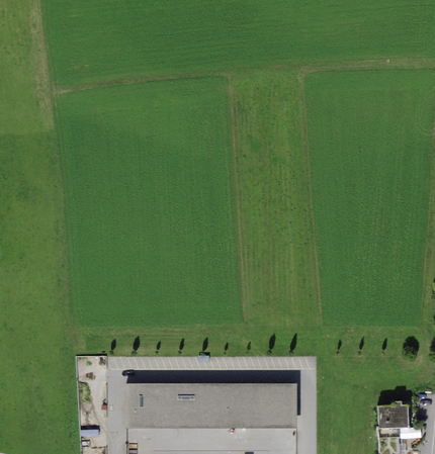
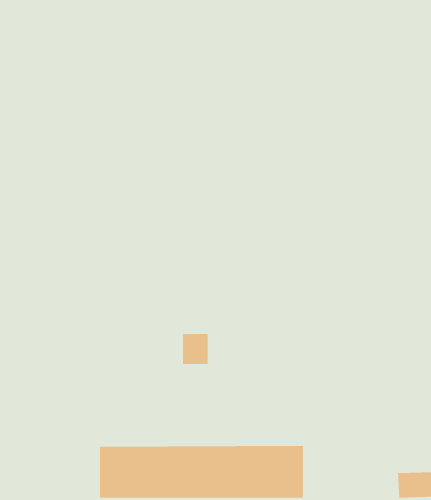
building: none -> [183,333,208,365]

